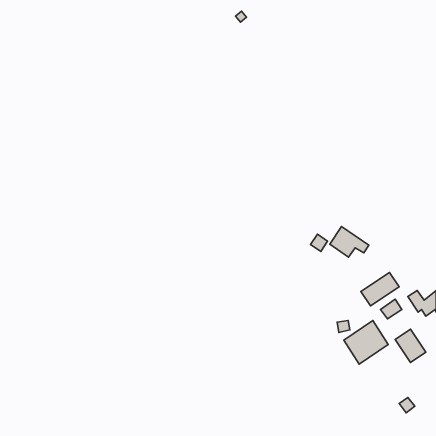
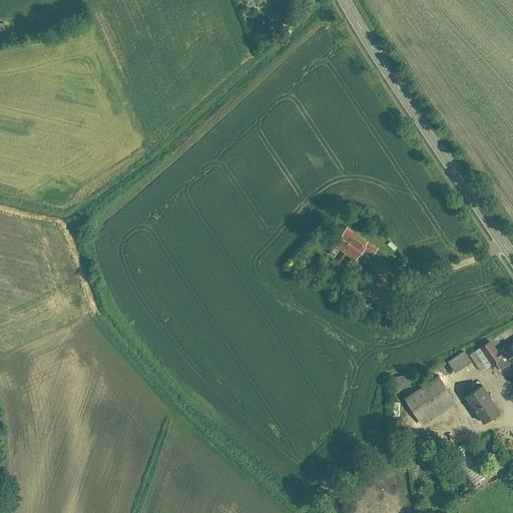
building: [330,226,369,257] -> [333,225,379,262]
building: [361,272,399,306] -> none

